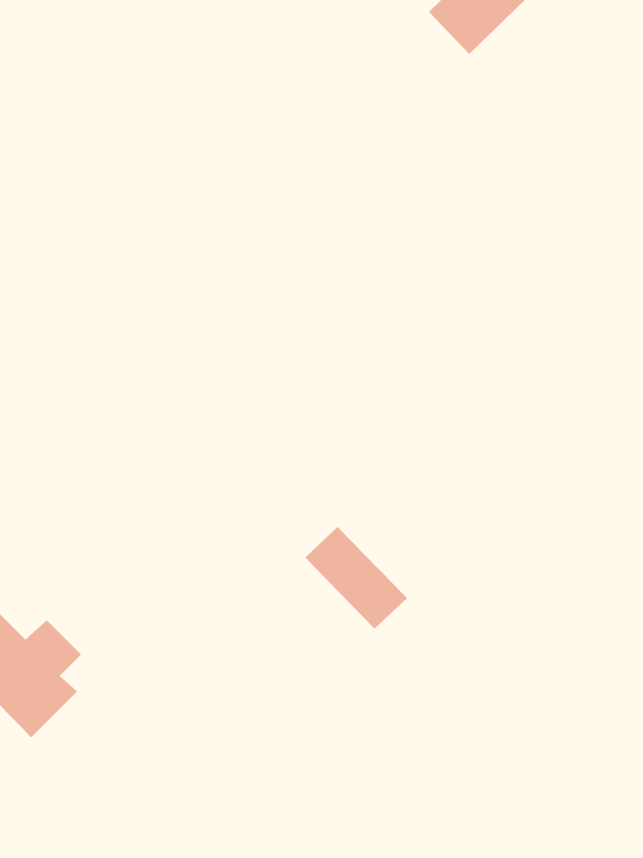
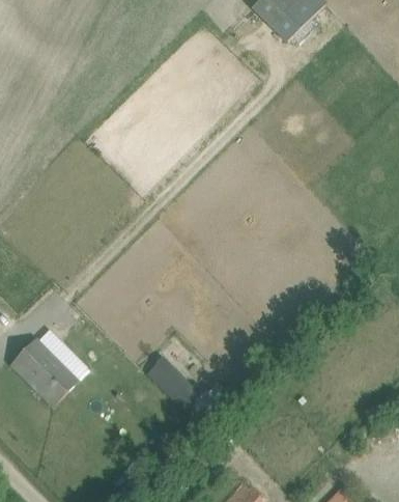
building: [305,526,408,629] -> [144,353,199,408]

